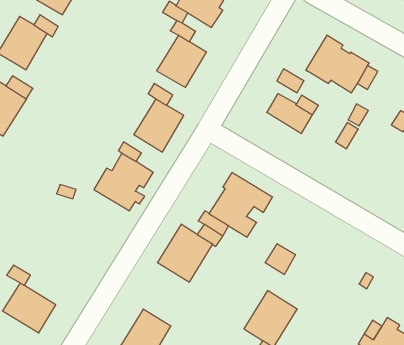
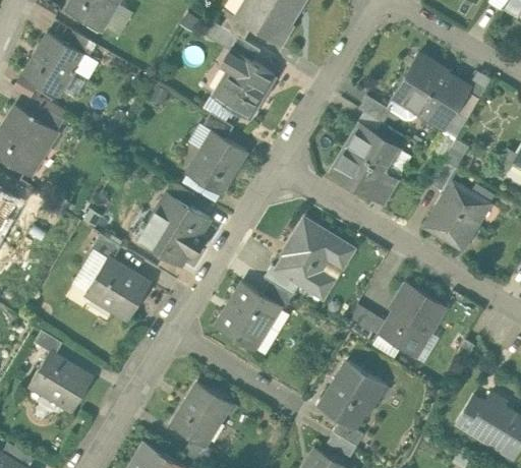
building: none -> [334,148,388,196]
building: none -> [425,182,488,249]
building: none -> [85,259,150,319]
building: none -> [380,283,447,356]

